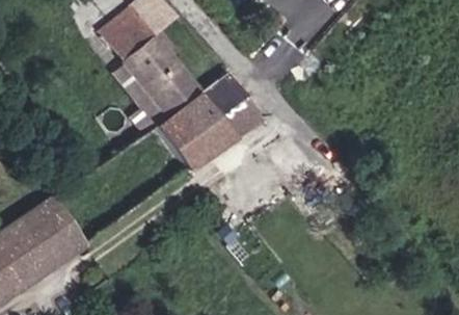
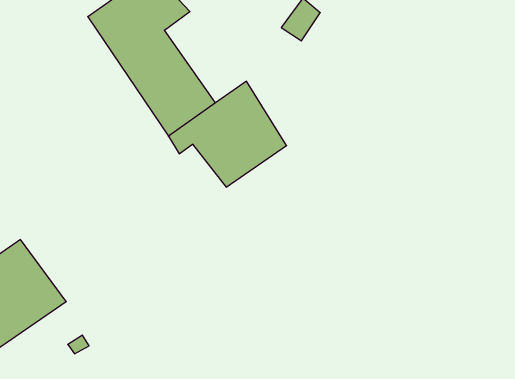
building: [156,117,209,170] -> none

